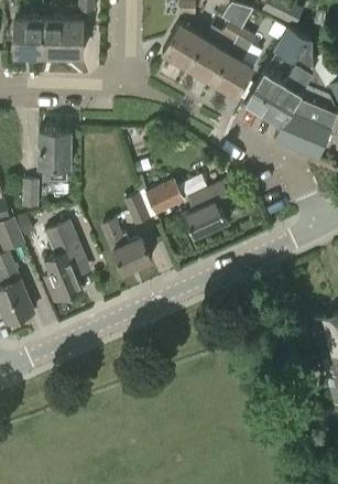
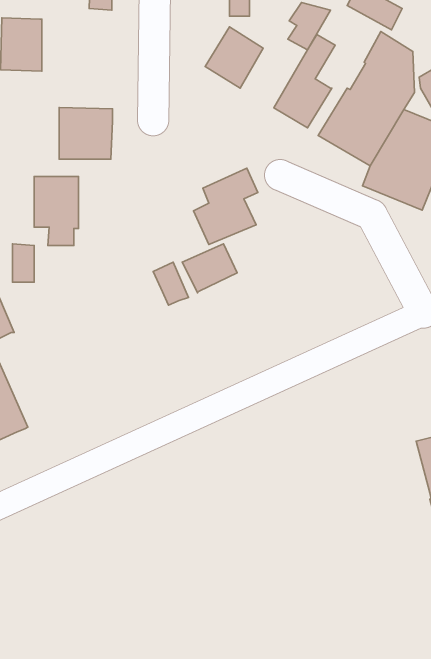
building: [44,18,83,55] -> [59,107,113,159]
building: [187,39,228,82] -> none
building: [184,183,230,238] -> [194,168,258,245]
building: [44,219,88,302] -> none
building: [102,219,151,272] -> none

